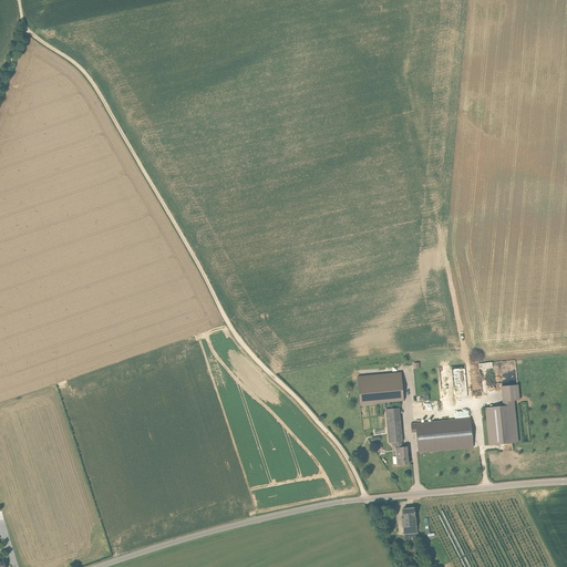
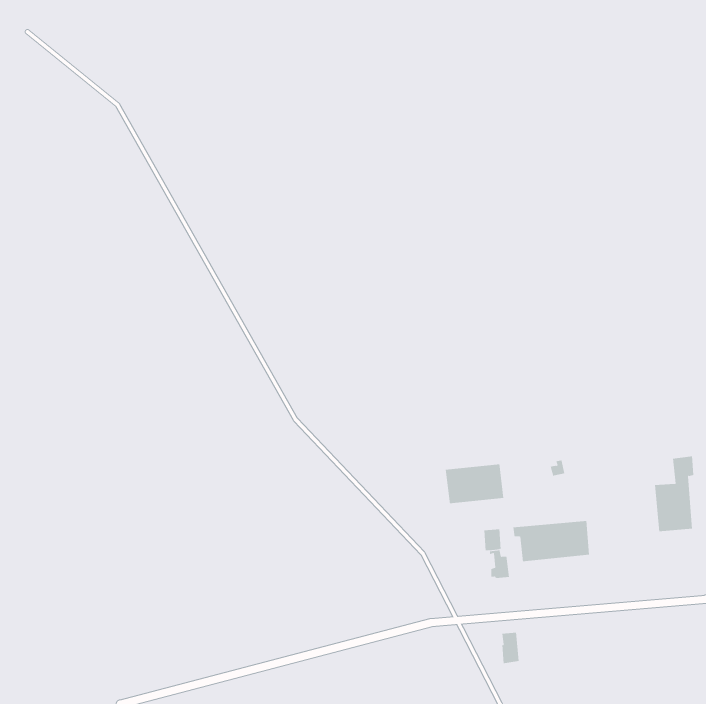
building: [486,383,518,444] -> [654,456,694,532]

